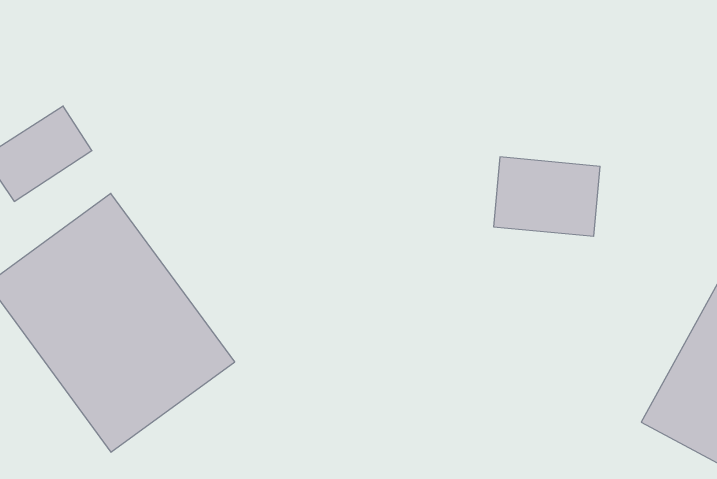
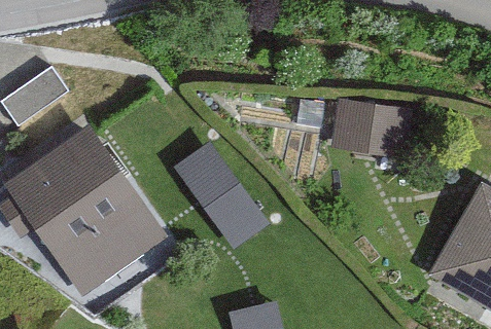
building: none -> [175,149,262,247]

